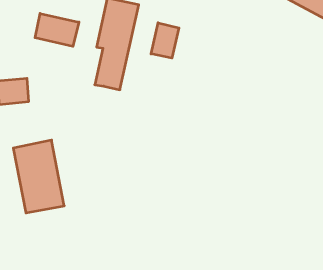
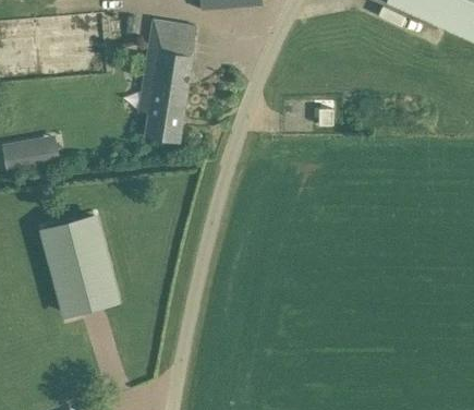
building: [35,13,79,46] -> none
building: [151,23,179,58] -> none

